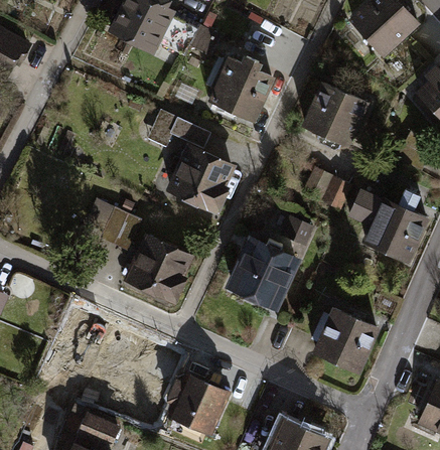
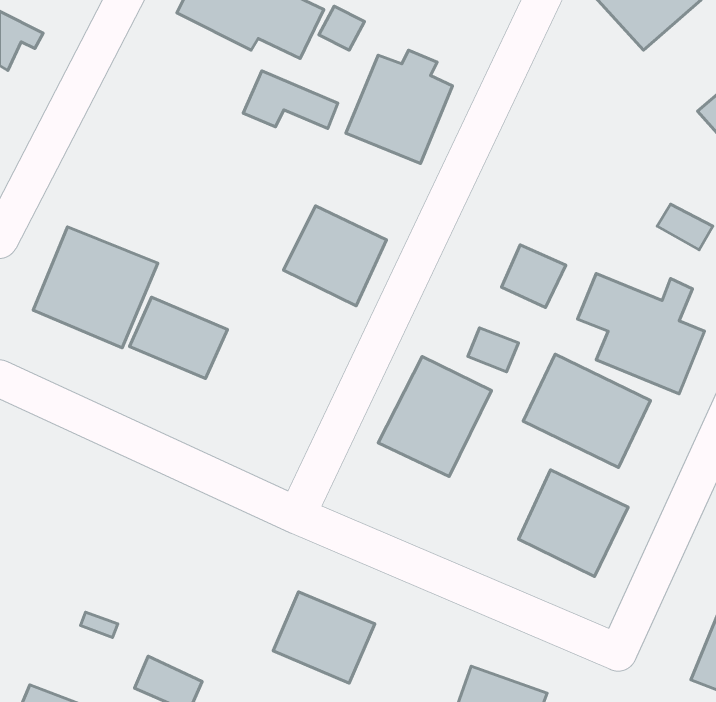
building: [300,82,366,143] -> none
building: [148,110,204,144] -> [243,71,338,128]
building: none -> [33,227,158,348]
building: none -> [523,354,651,468]
building: [131,236,195,298] -> none

